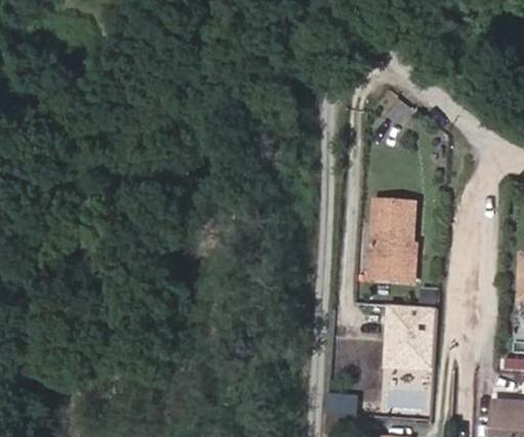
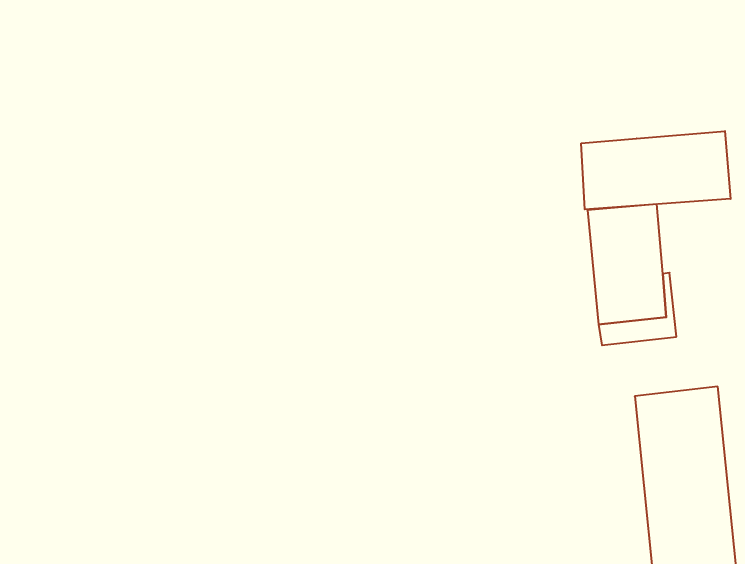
building: none -> [581,131,731,209]

